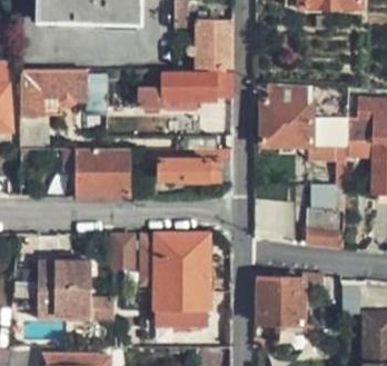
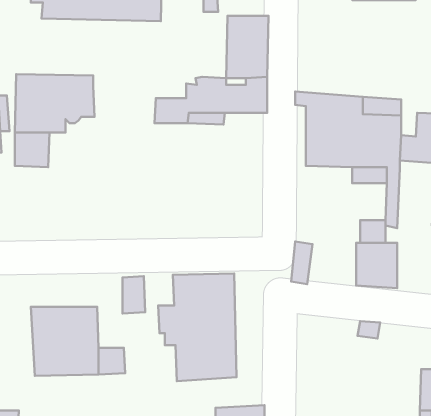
building: [73,146,129,196] -> none
building: [156,149,219,185] -> none
building: [257,280,301,327] -> none

